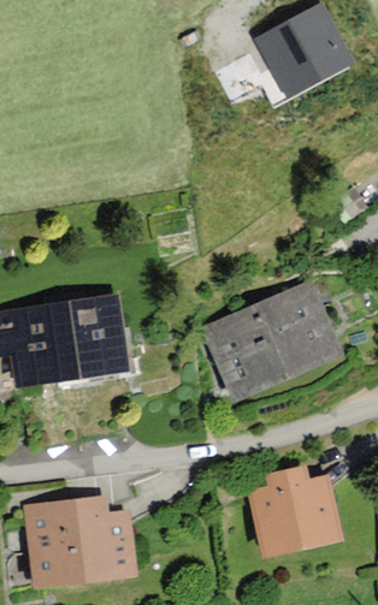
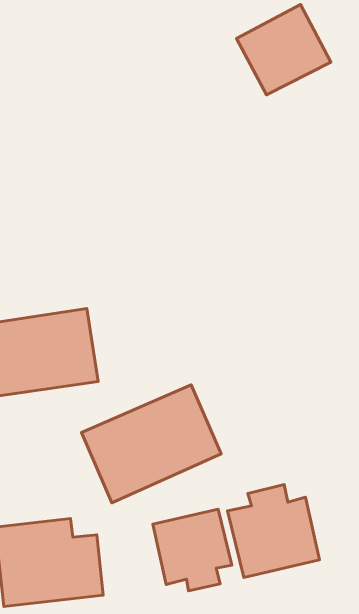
building: [205,283,338,396] -> [82,385,221,503]
building: none -> [153,509,232,591]

